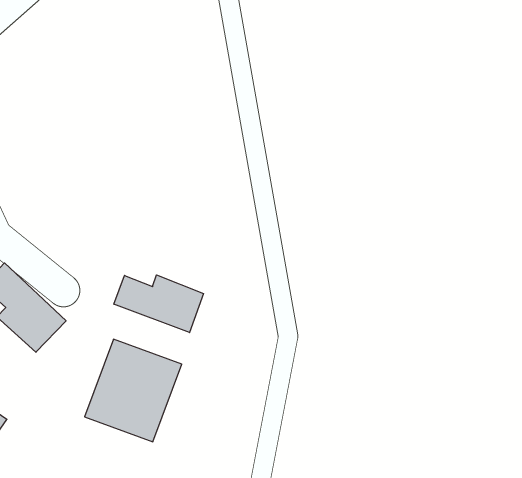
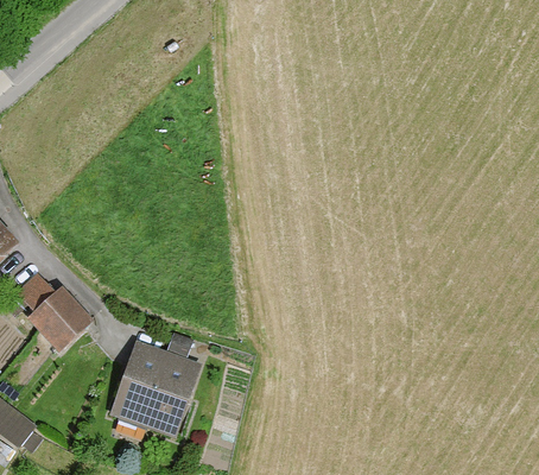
building: [114,275,204,333] -> none

